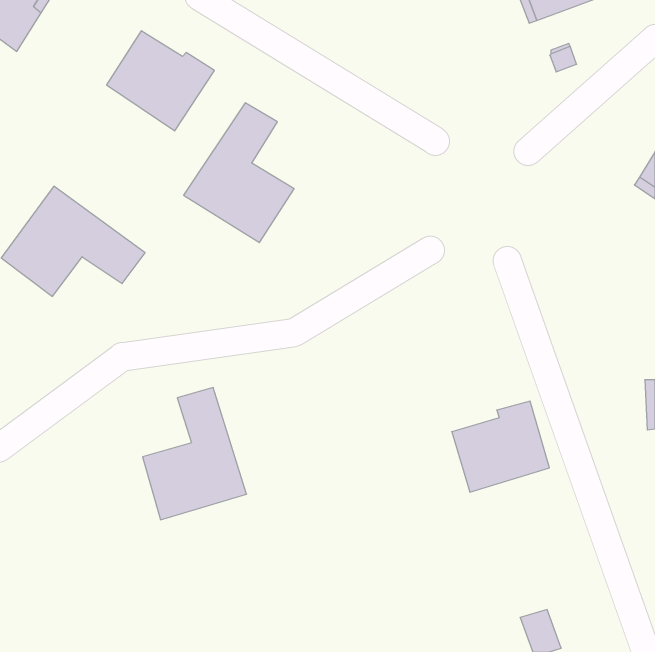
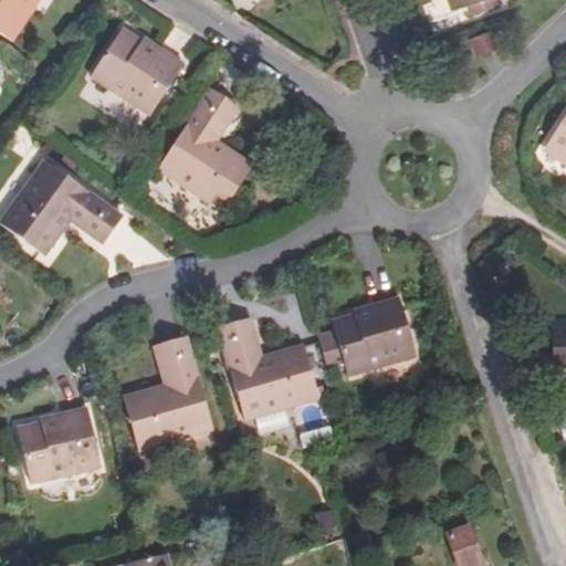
building: none -> [217,316,316,417]
building: [452,401,549,492] -> [332,294,416,373]
building: none -> [20,407,101,483]

